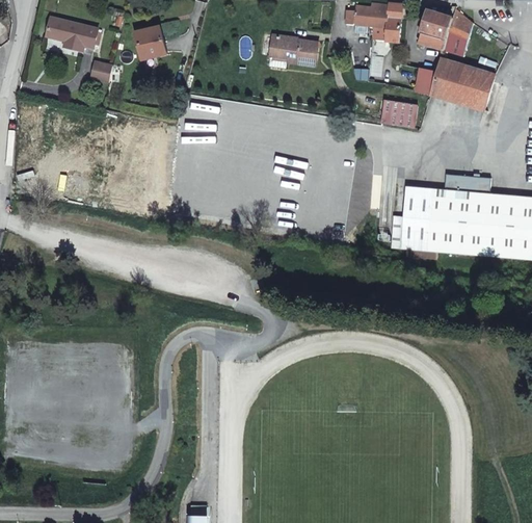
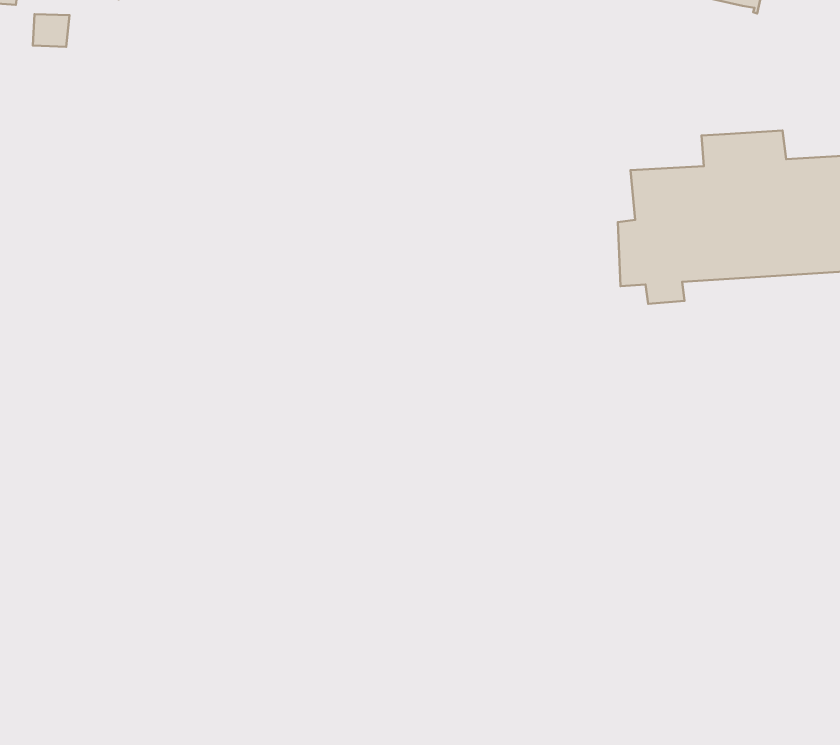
building: [381,100,414,116] -> none

